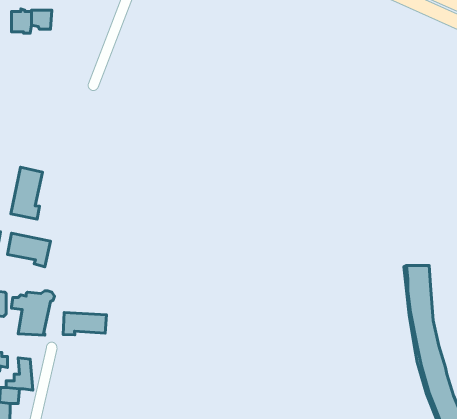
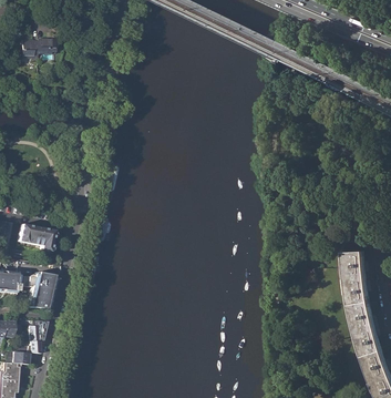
building: [11,167,43,219] -> none
building: [63,313,106,335] -> none

